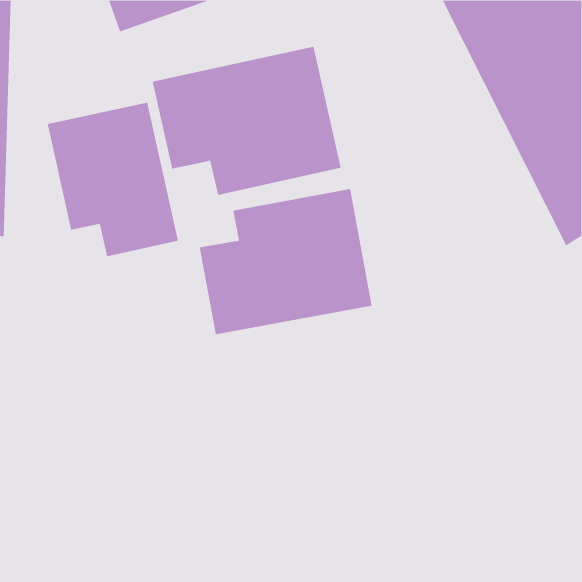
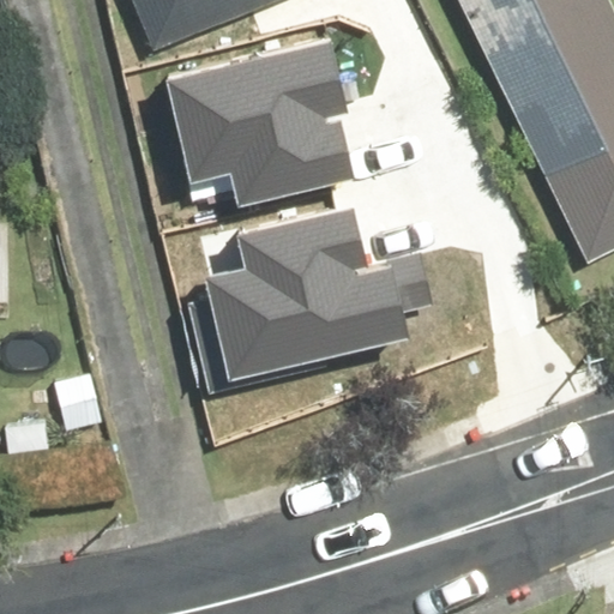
building: [47,102,179,257] -> none

